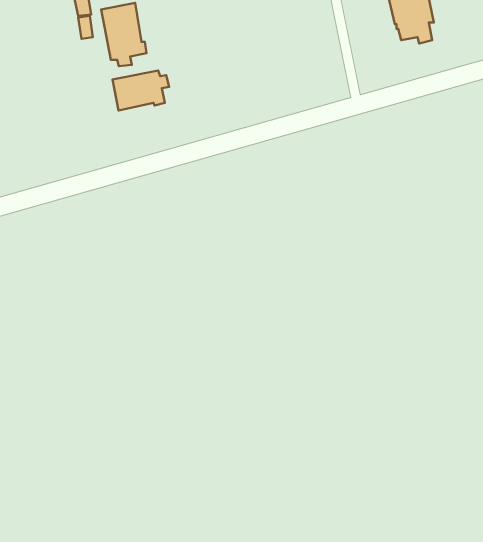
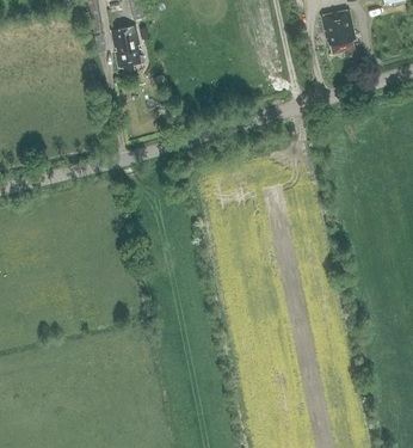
building: [112,71,169,110] -> none

